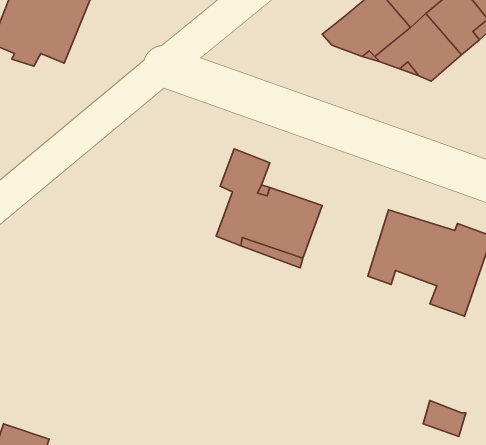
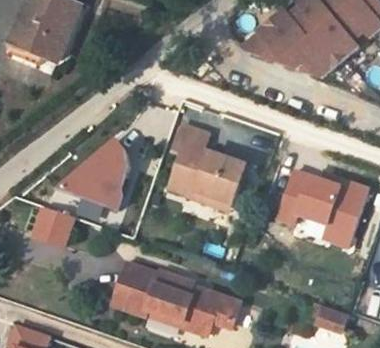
building: none -> [58,143,129,212]
building: none -> [31,207,74,244]
building: none -> [111,263,239,333]

